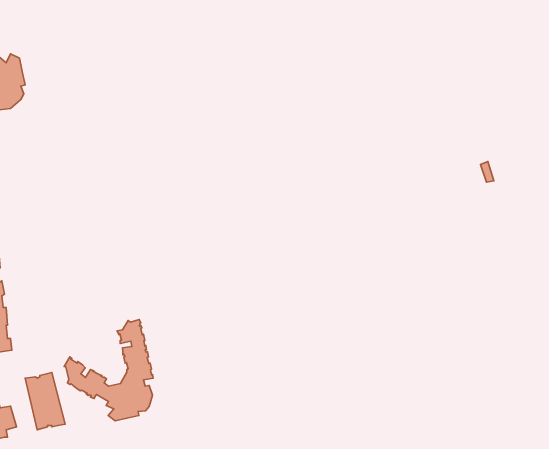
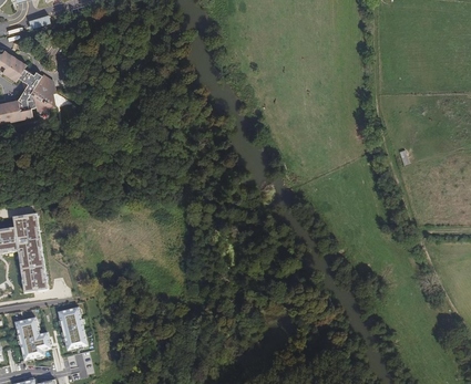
building: [64,319,153,421] -> none

